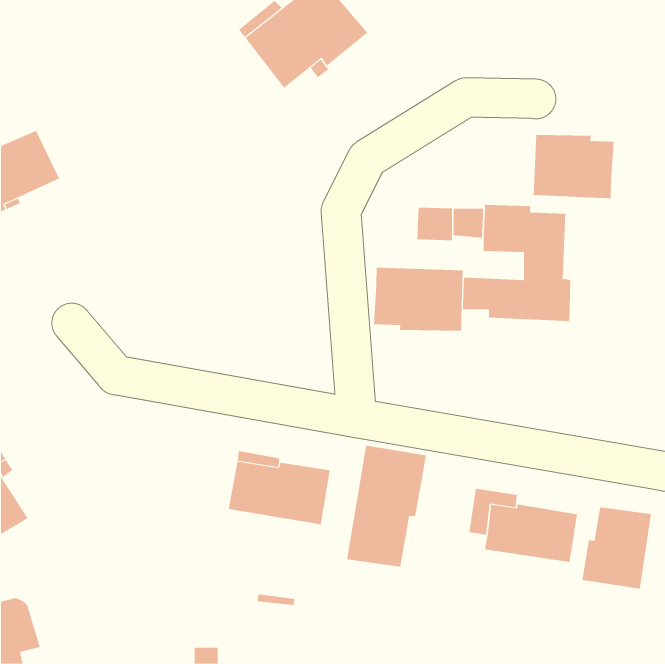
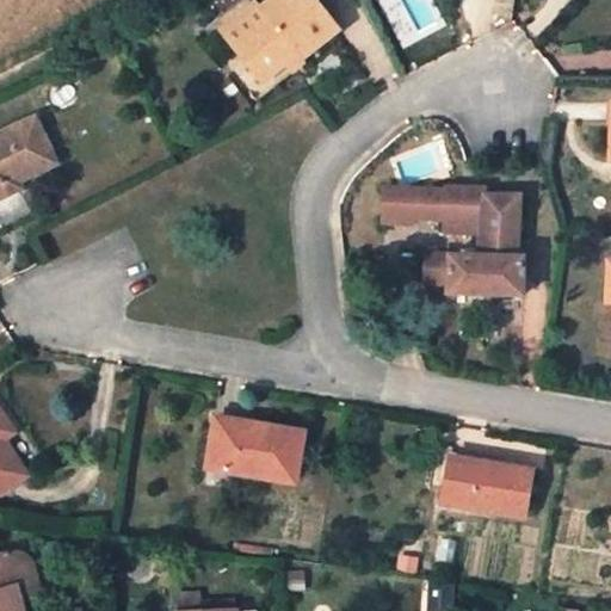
building: [533,134,614,199] -> none
building: [374,267,463,331] -> none
building: [347,445,426,567] -> none
building: [582,506,652,589] -> none

